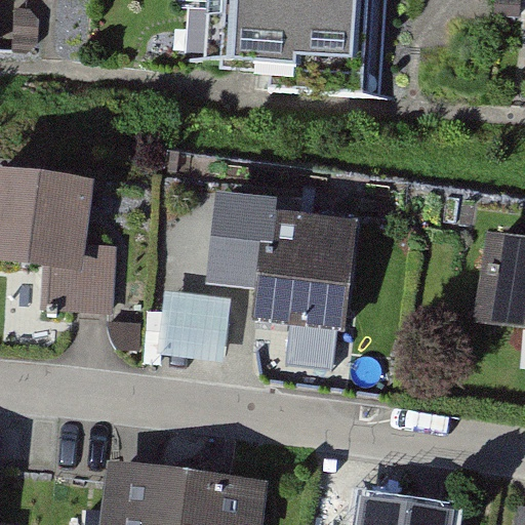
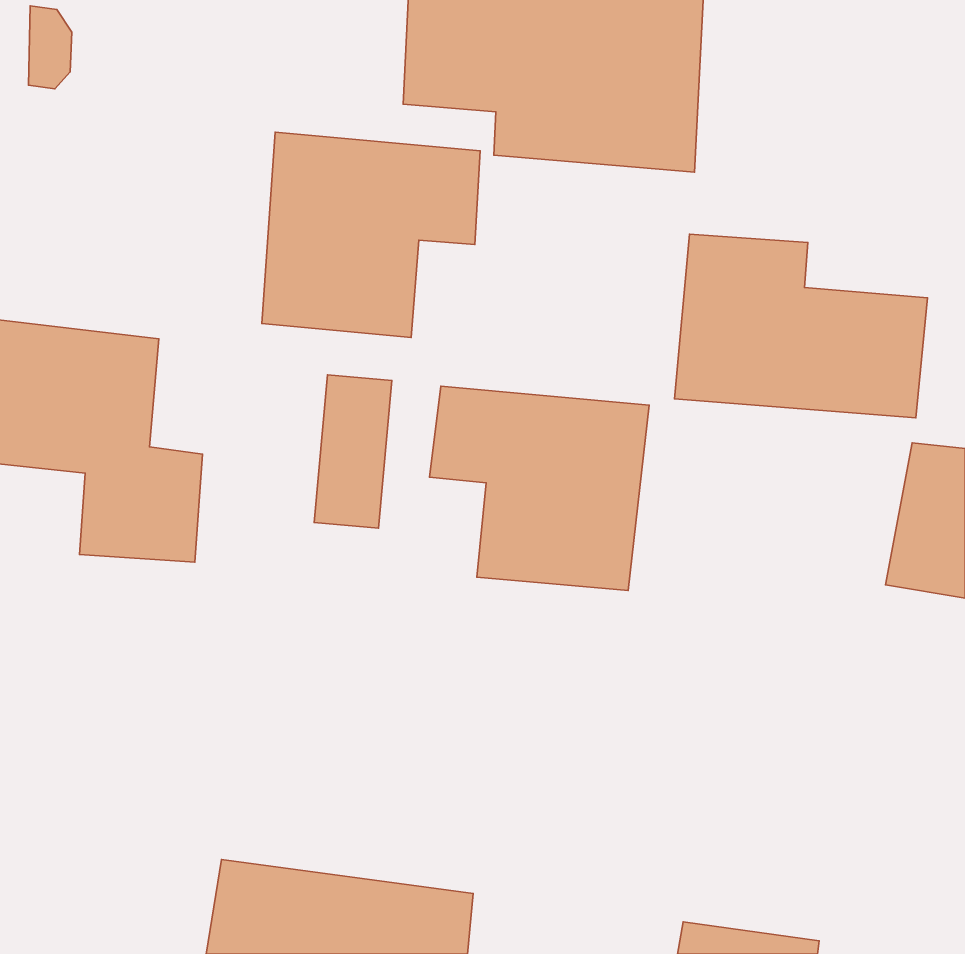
building: none -> [262,132,480,337]
building: none -> [675,234,928,418]
building: [161,286,238,359] -> none

